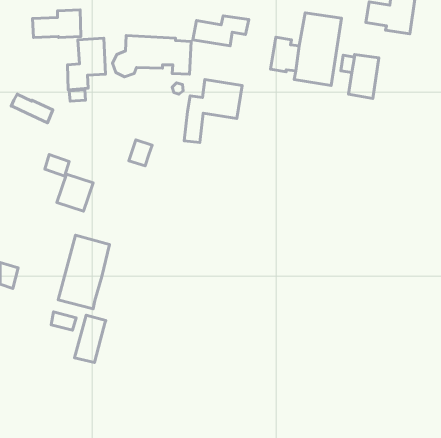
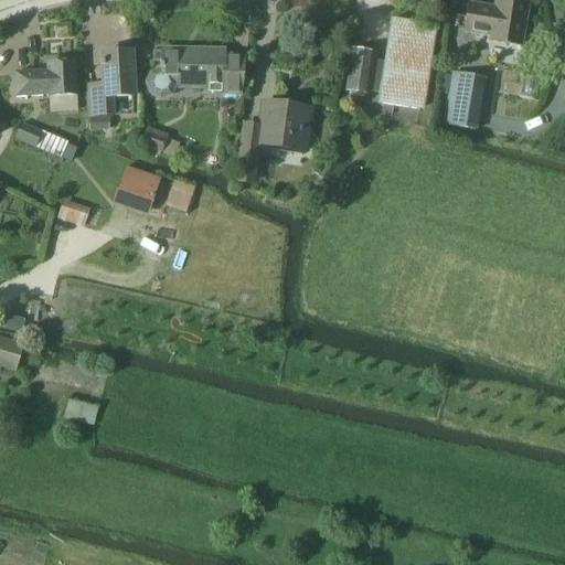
building: [33,10,81,38] -> [15,60,77,95]
building: [193,16,249,46] -> none
building: [57,174,93,211] -> [114,164,160,212]
building: [58,235,109,309] -> none
building: [75,315,106,363] -> none

